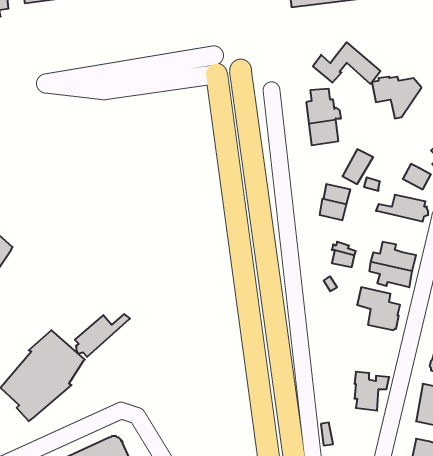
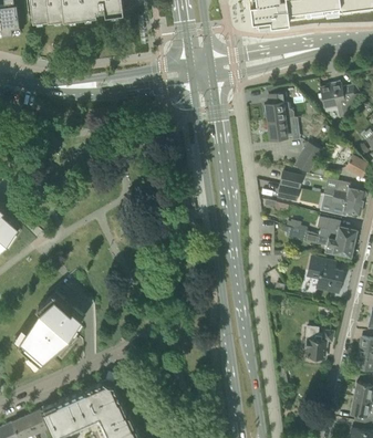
building: [313,42,380,84] -> none
building: none -> [322,194,362,216]
building: [75,314,130,357] -> none

